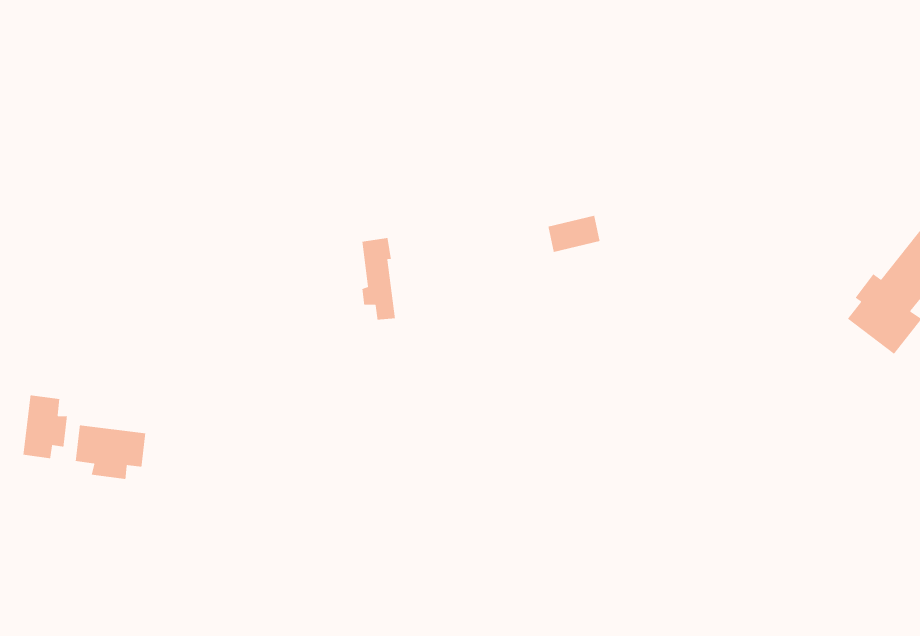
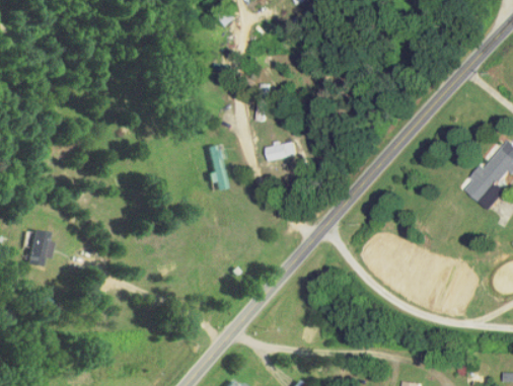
building: [547,215,600,253] -> [268,141,296,161]
building: [75,425,146,480] -> none

